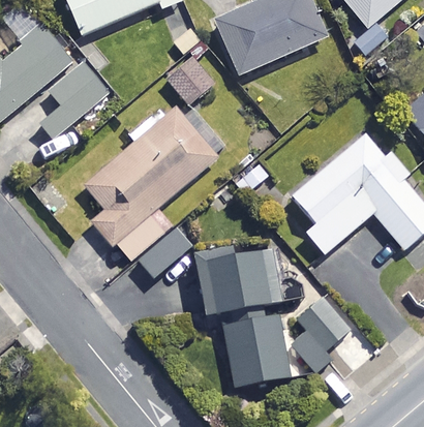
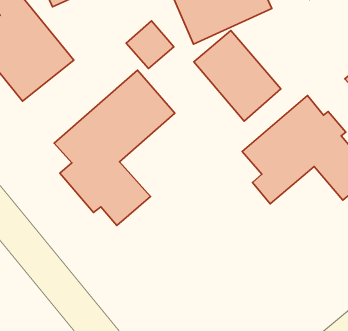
building: none -> [194,31,281,121]
building: [199,254,289,388] -> none
building: [290,299,350,366] -> none

